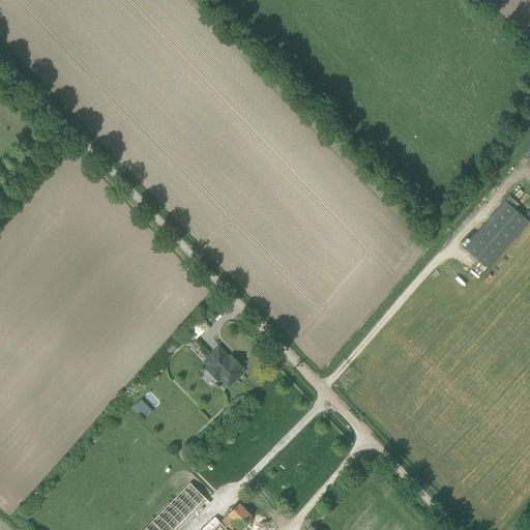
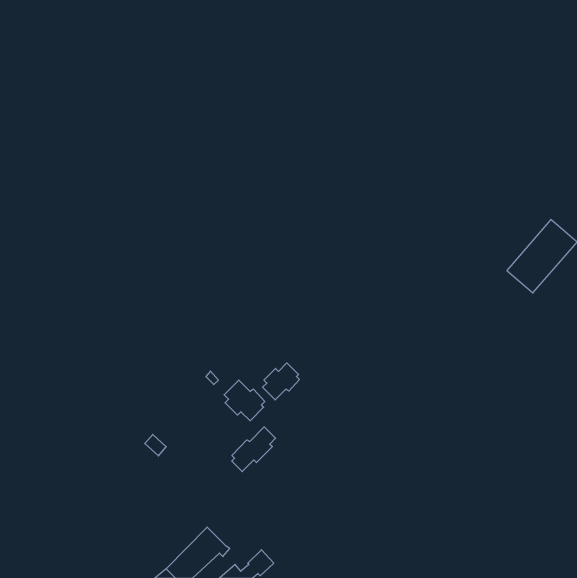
building: none -> [263,363,299,400]
building: none -> [232,427,276,472]

